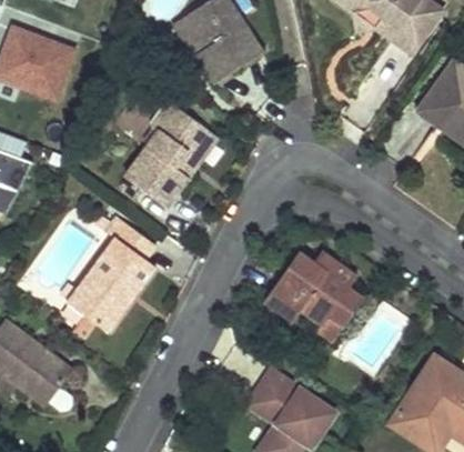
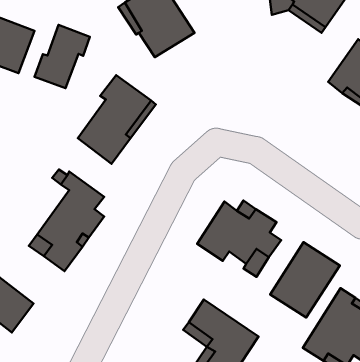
building: none -> [35,25,90,88]
building: none -> [270,242,340,318]

